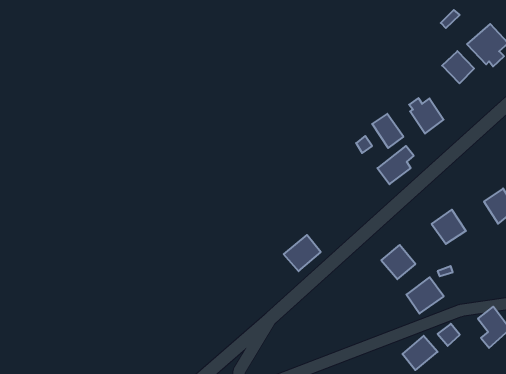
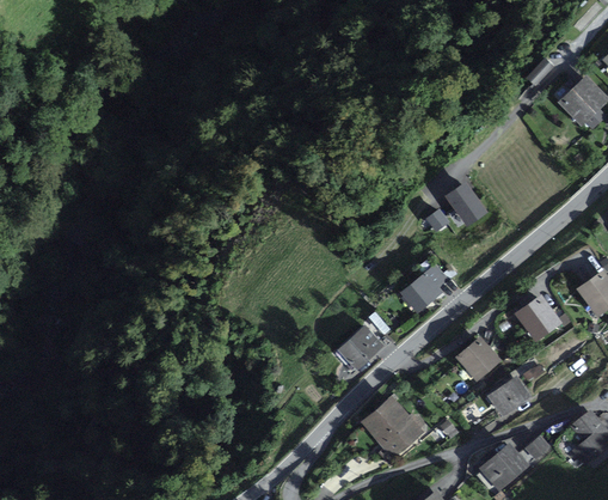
building: [442,51,474,83] -> none
building: [409,98,444,134] -> none
building: [377,146,414,184] -> [403,267,446,312]
building: none -> [362,397,422,455]

